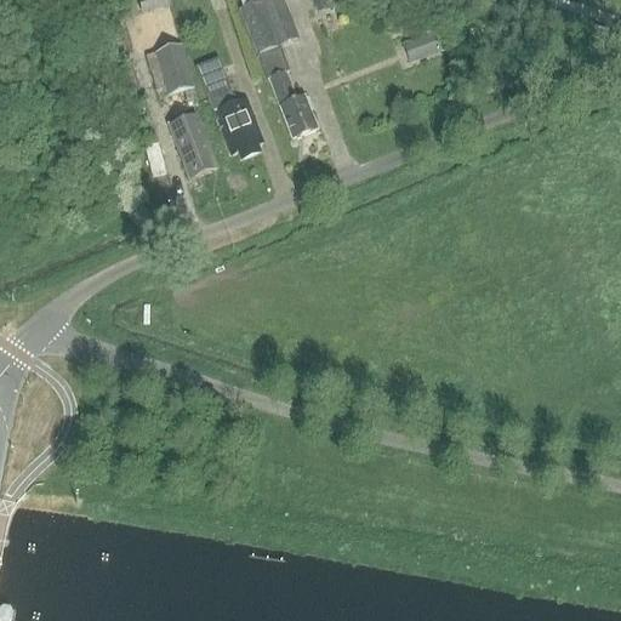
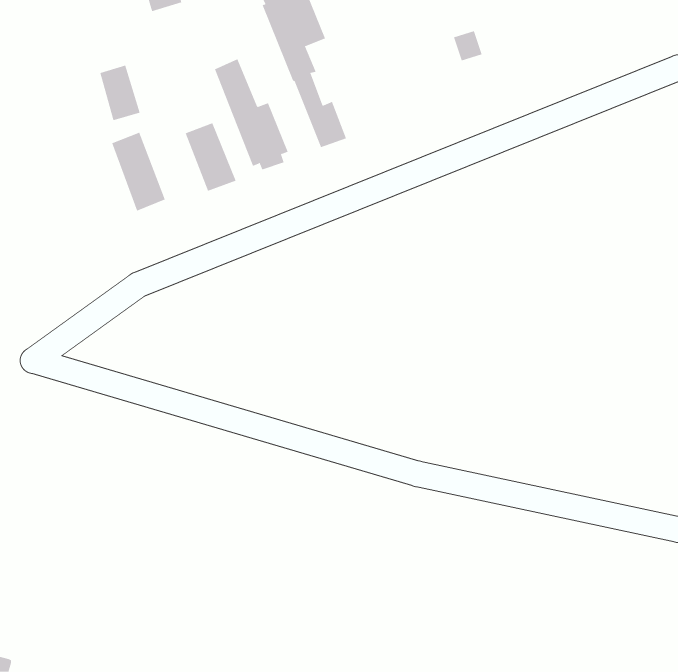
building: [155,40,193,91] -> [99,65,141,121]
building: none -> [112,132,166,212]

